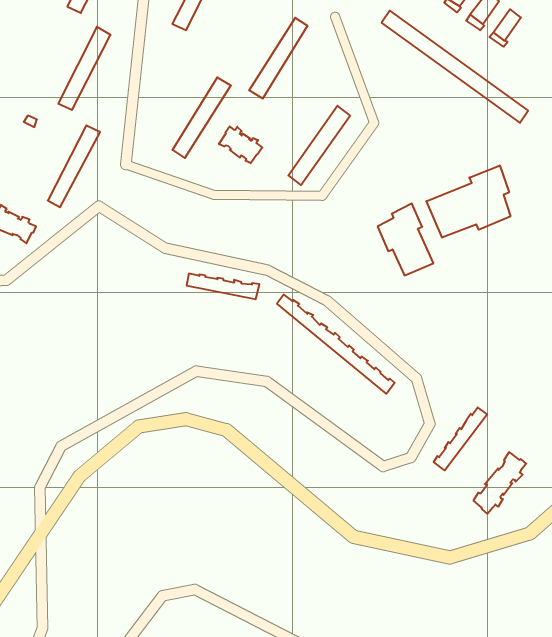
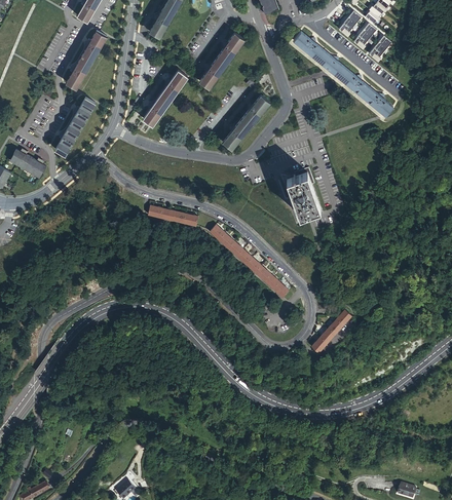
building: [219,126,262,163] -> none
building: [426,165,510,238] -> none
building: [474,452,526,514] -> none

